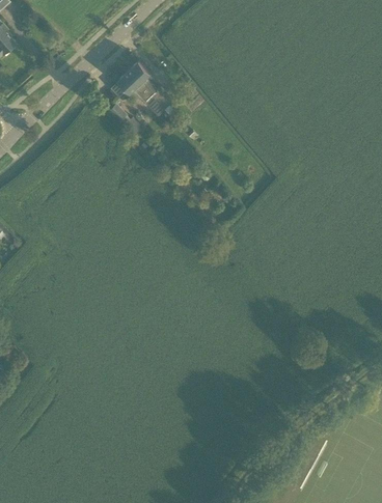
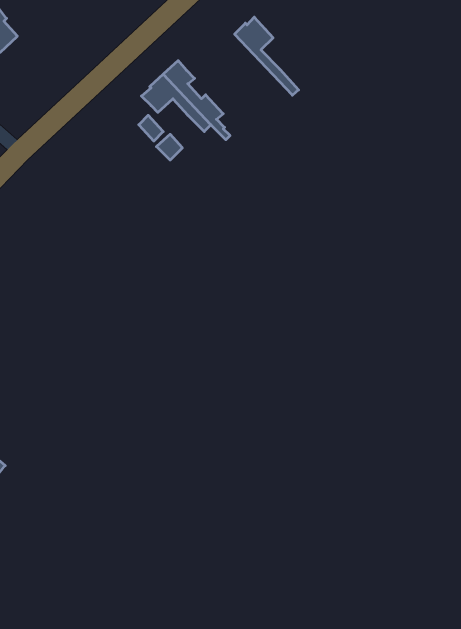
building: none -> [235,17,299,95]

